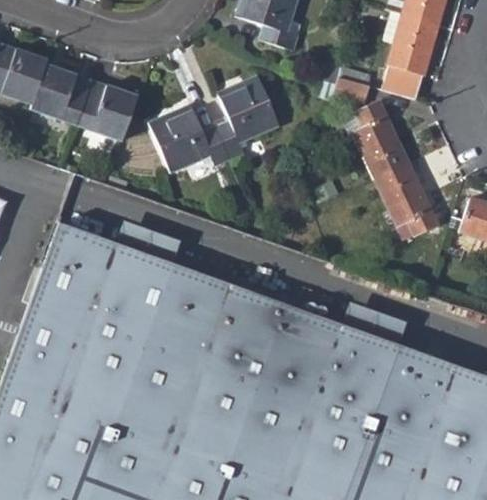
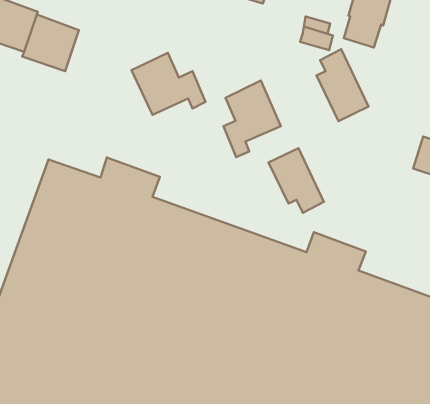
building: [216,76,279,160] -> [224,81,281,157]
building: [76,81,138,142] -> none
building: [376,165,437,236] -> [268,148,324,213]

